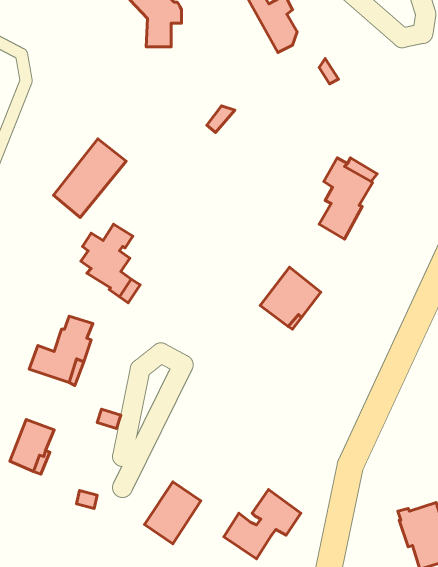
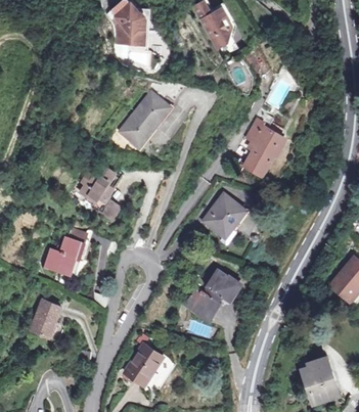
building: [54,139,126,217] -> [120,92,170,146]
building: [224,489,301,559] -> [185,269,238,317]

